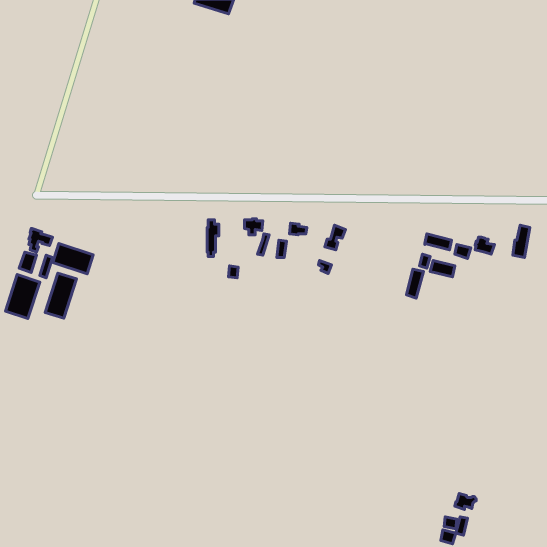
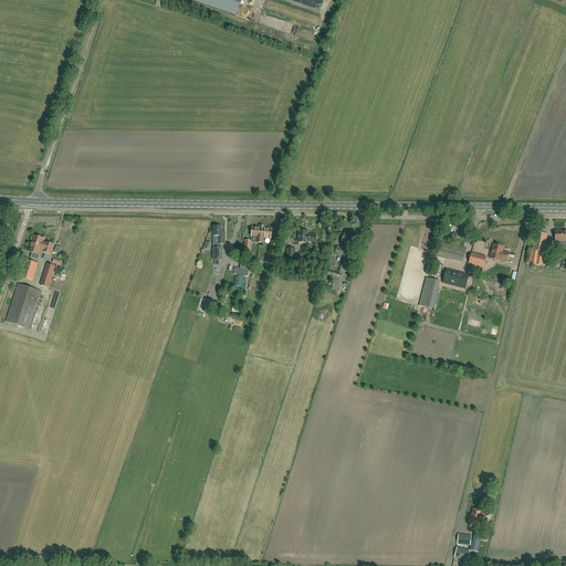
building: [53,244,93,274] -> none
building: [45,273,77,318] -> none

